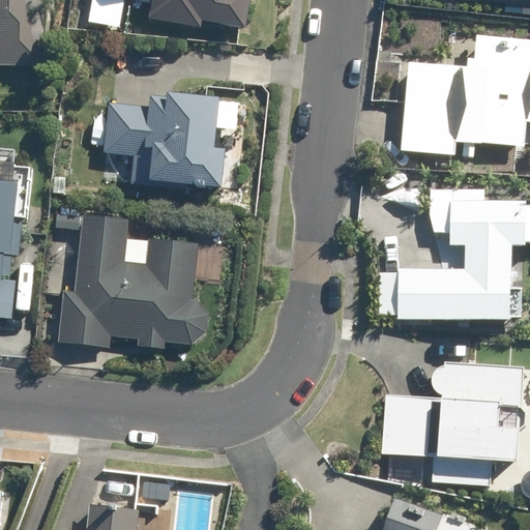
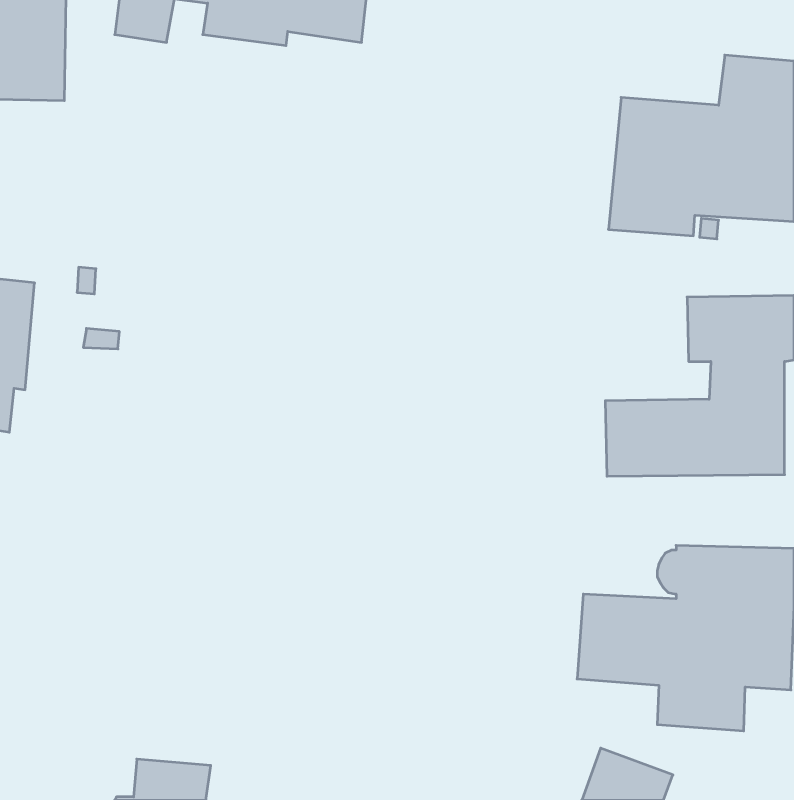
building: [104,99,224,189] -> none
building: [59,216,209,349] -> none

